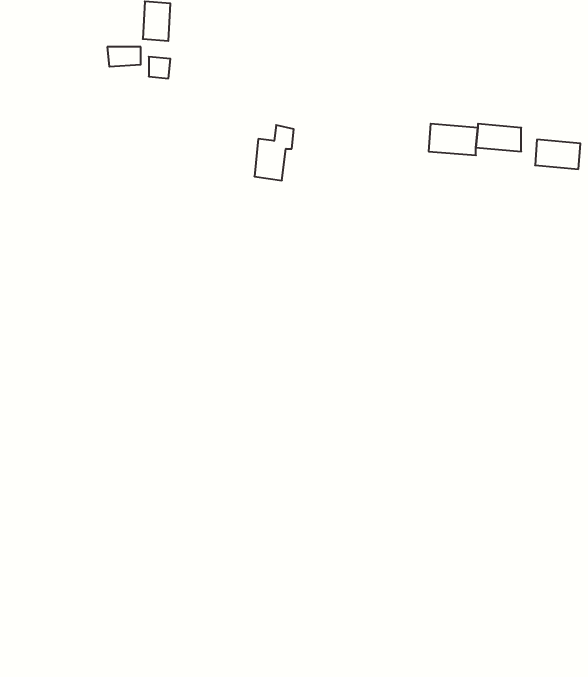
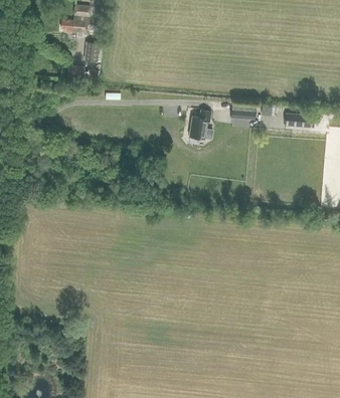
building: [254,125,294,180] -> [190,111,210,139]

